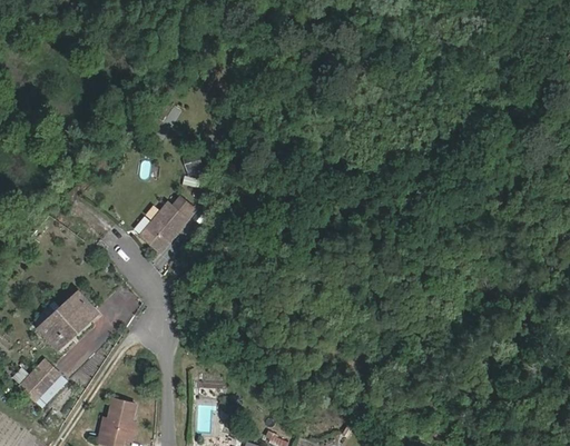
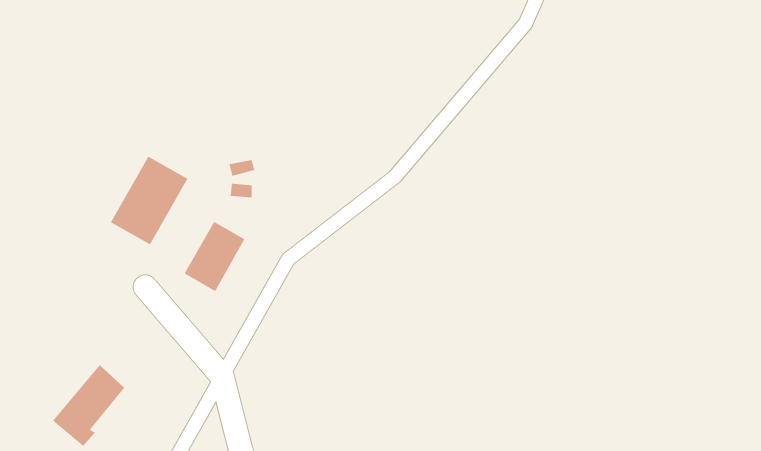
building: none -> [110,156,188,245]

